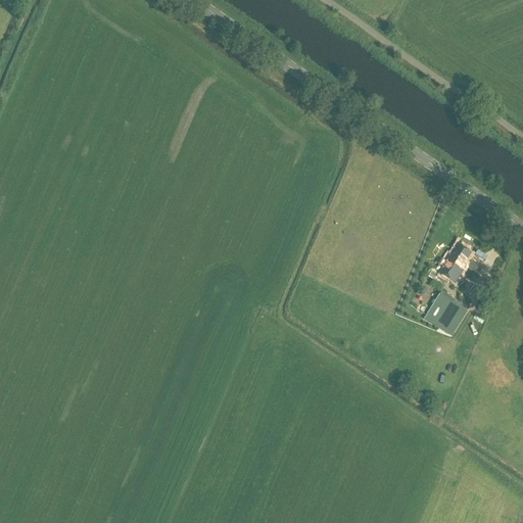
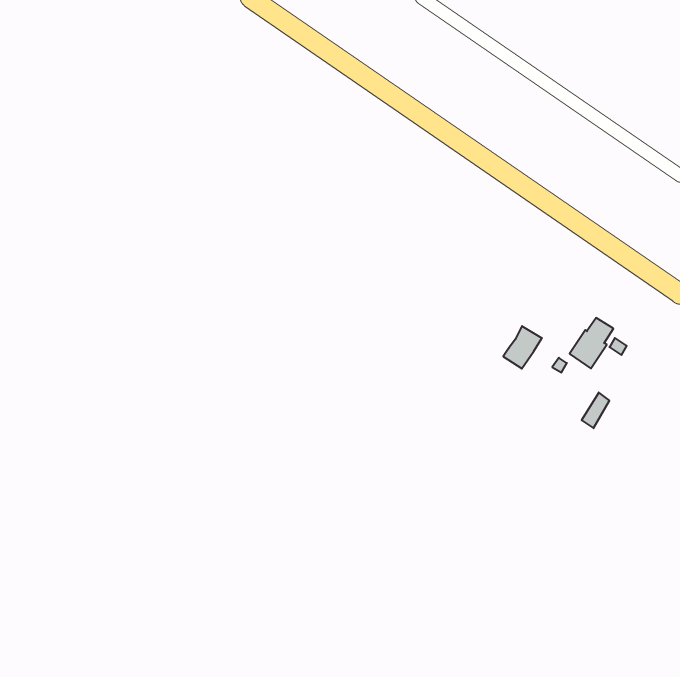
building: [426,290,456,323] -> [503,326,542,369]

